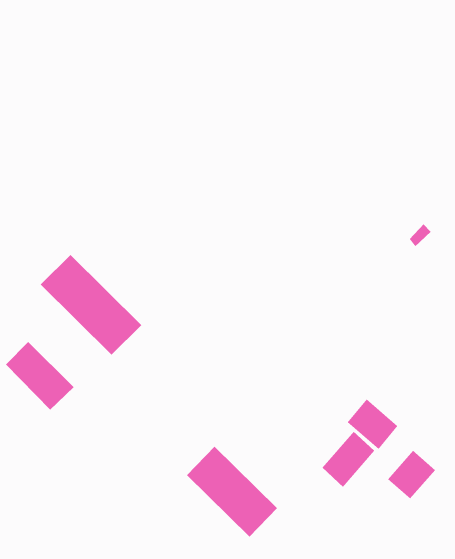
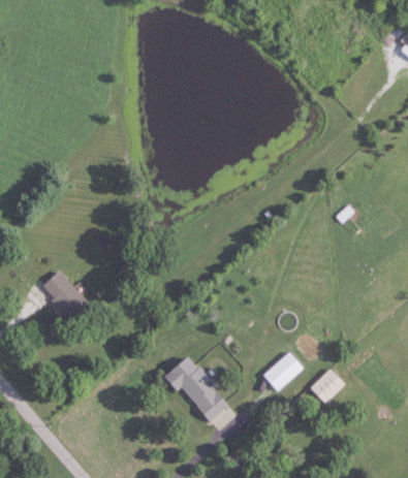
building: [40,254,142,356] -> none
building: [347,398,398,450] -> none

